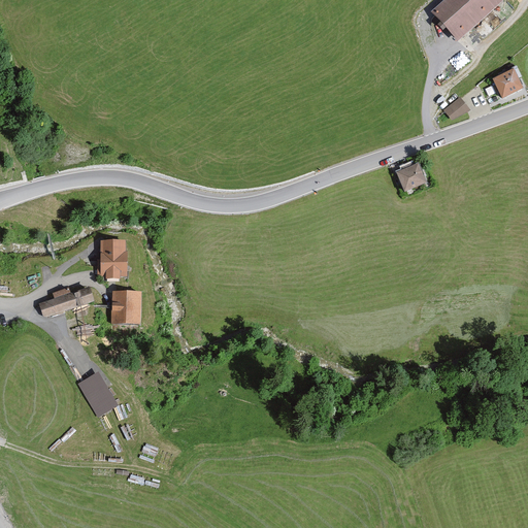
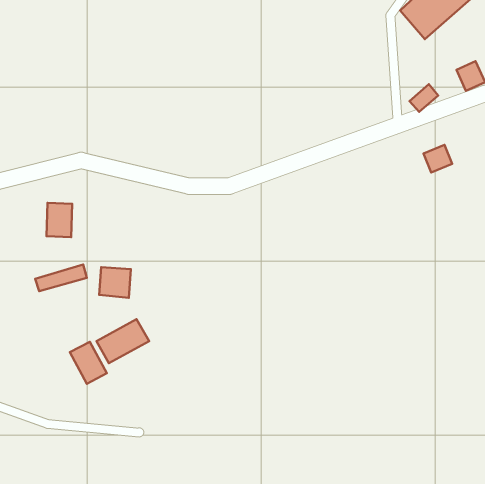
building: [397,164,428,194] -> [424,145,452,172]
building: [98,238,126,275] -> [46,203,72,237]
building: none -> [96,319,149,363]

